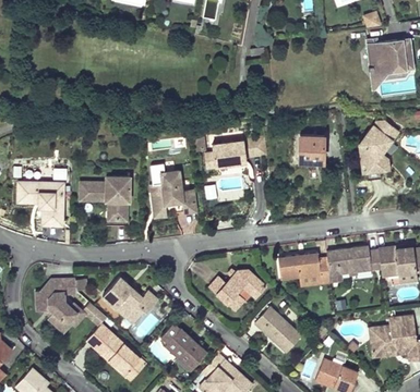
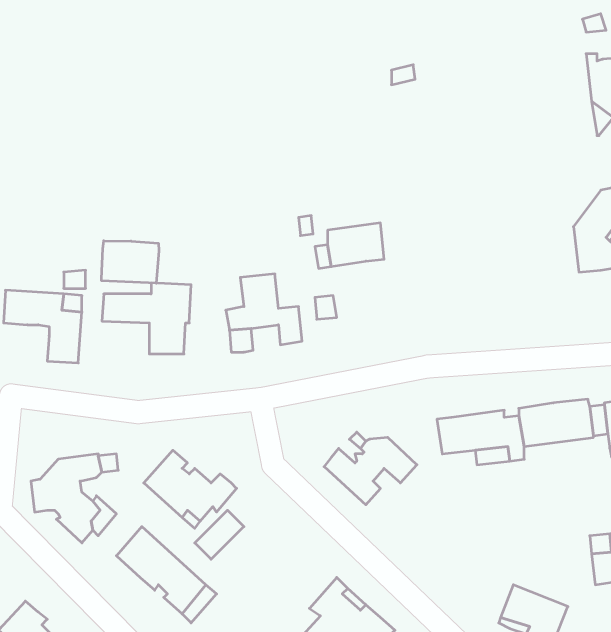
building: [298,137,324,164] -> none
building: none -> [101,241,159,283]
building: [254,307,300,352] -> none
building: [160,326,206,369] -> none

